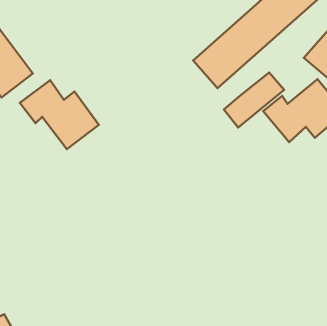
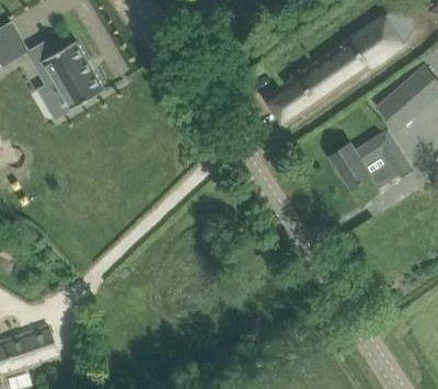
building: [224,72,284,128] -> none
building: [20,80,99,149] -> none

